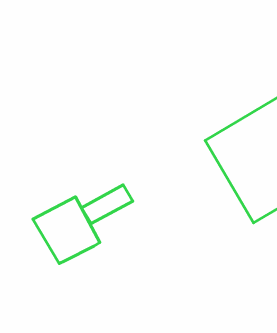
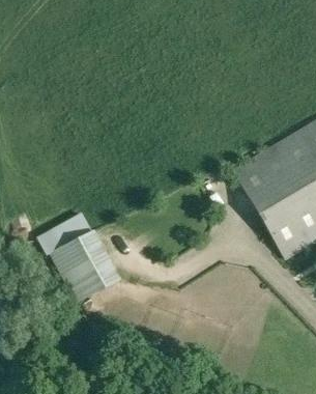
building: [81,185,133,223] -> [36,212,91,253]

